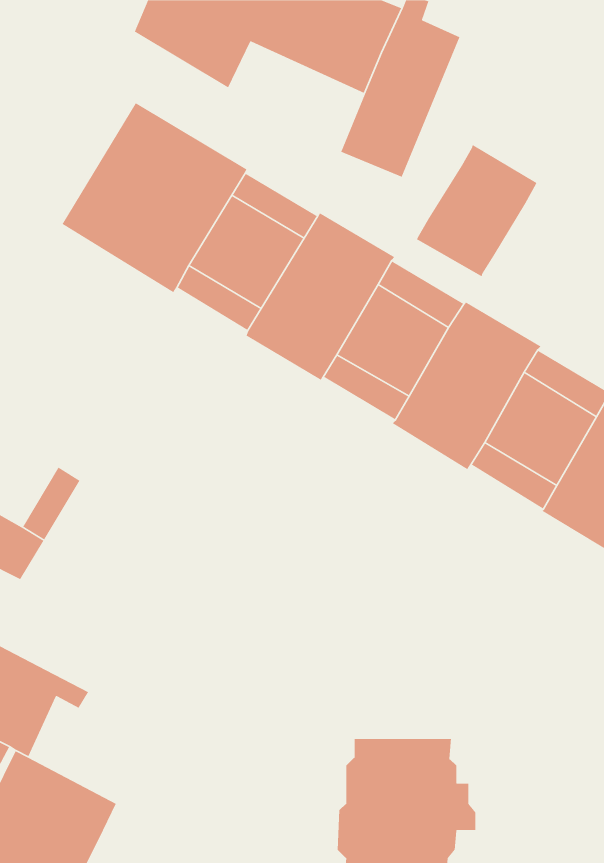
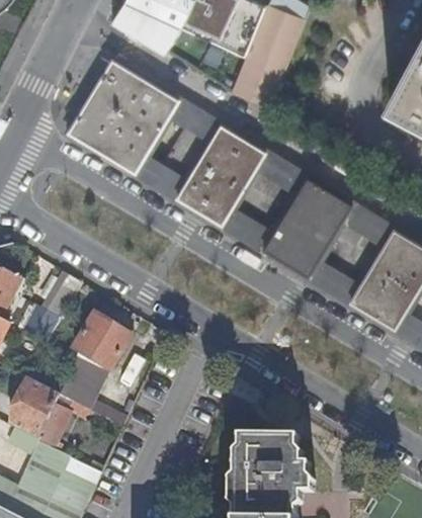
building: [416,144,537,278] -> none
building: none -> [59,314,130,427]

